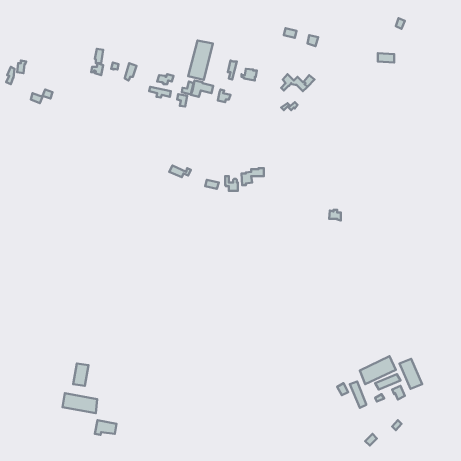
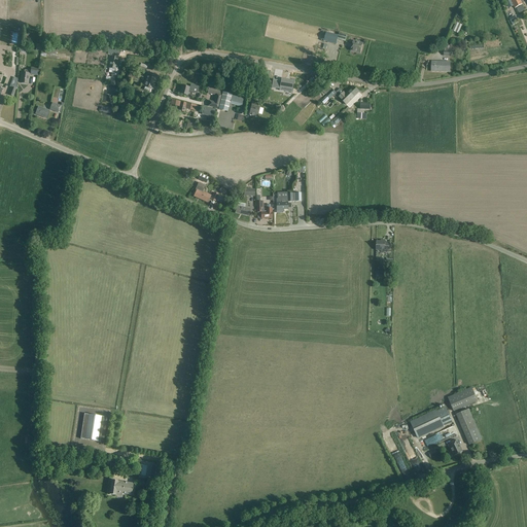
building: [188,41,213,80] -> none
building: none -> [447,386,477,411]
building: [62,393,97,413] -> none

